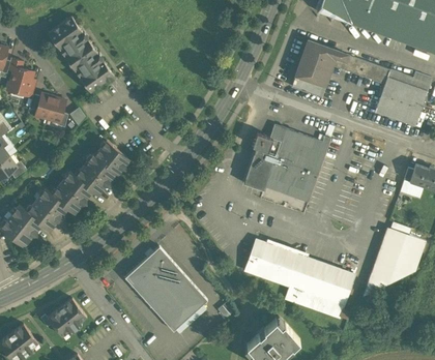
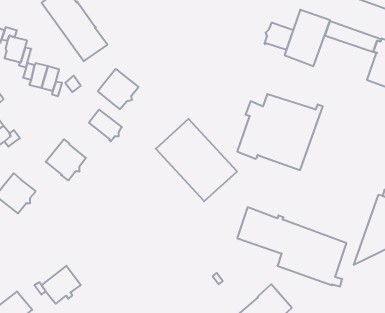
building: none -> [265,22,293,50]
building: [76,153,116,193] -> [98,69,138,109]
building: [27,188,68,230] -> none
building: [125,247,207,330] -> [156,119,237,201]

